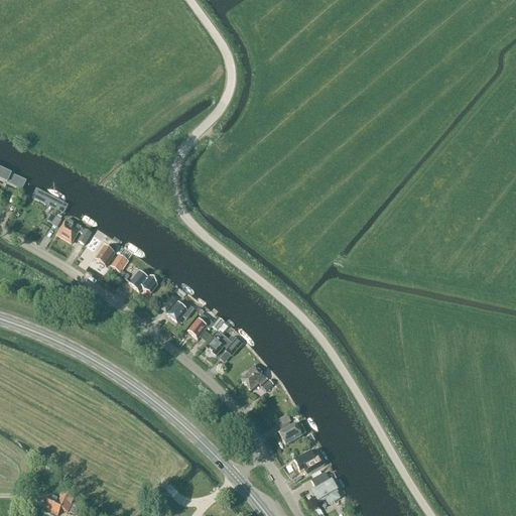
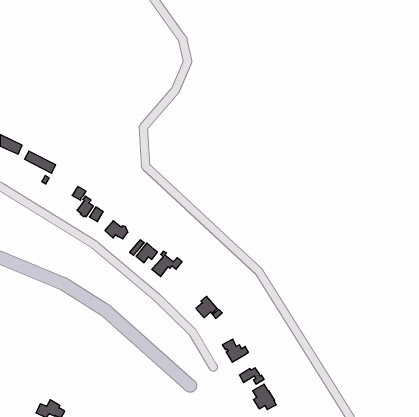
building: [57,218,92,244] -> none
building: [206,332,242,356] -> none

